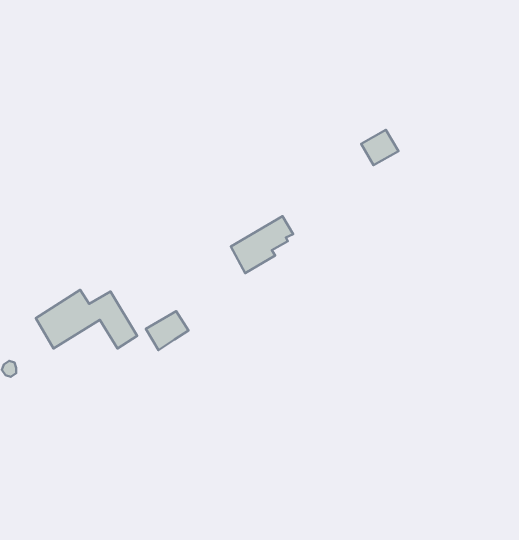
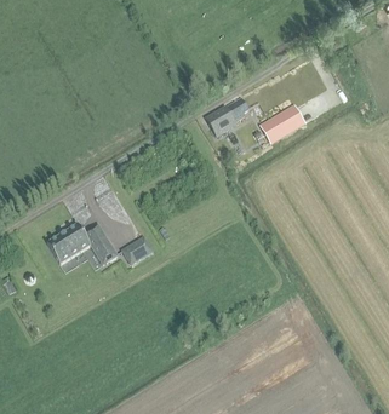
building: [231,216,293,273] -> [206,99,248,138]

